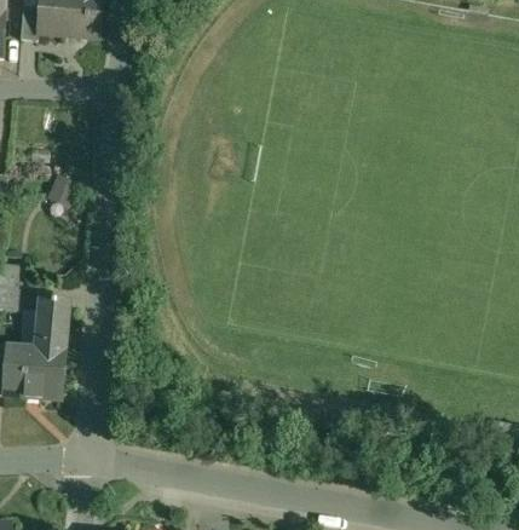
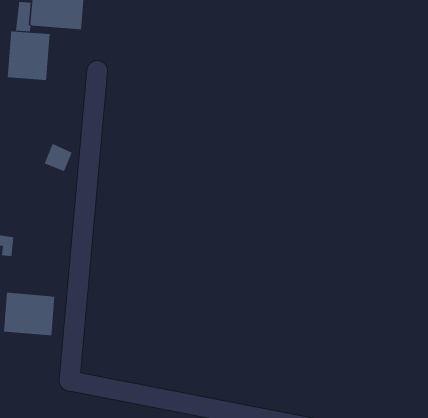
building: none -> [7,30,50,81]
building: [35,301,67,356] -> none

